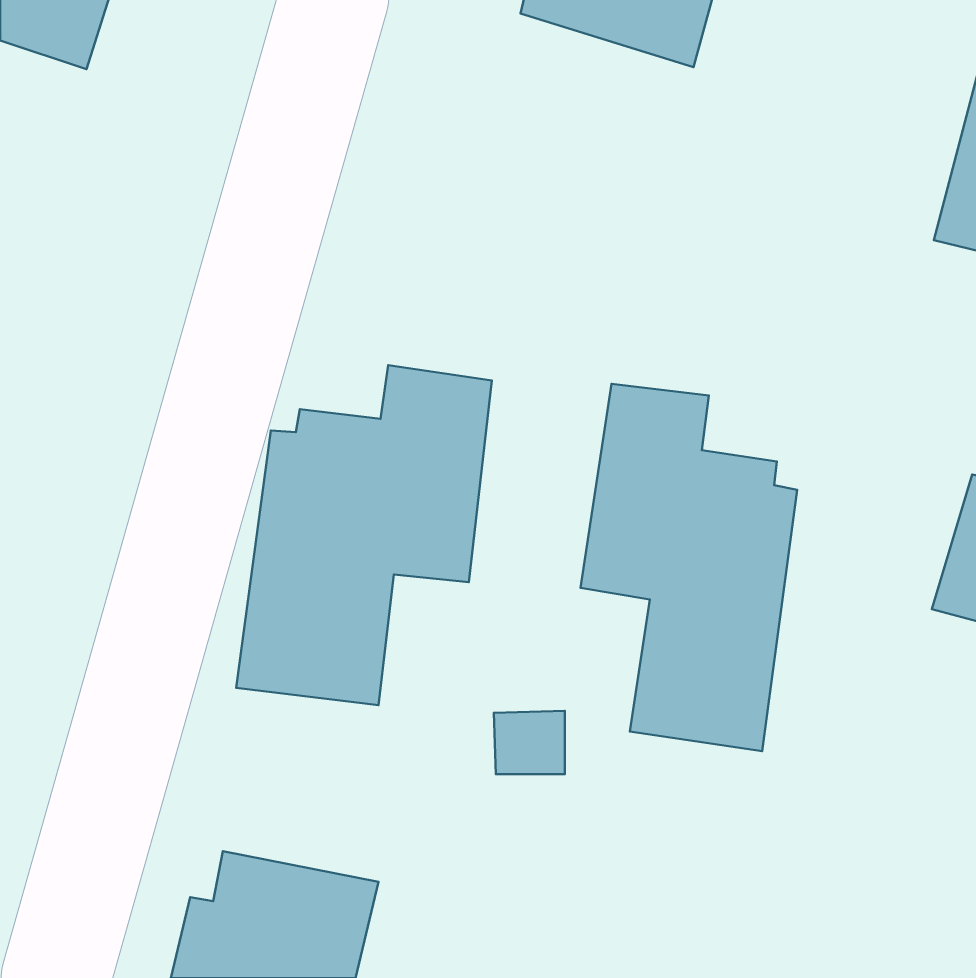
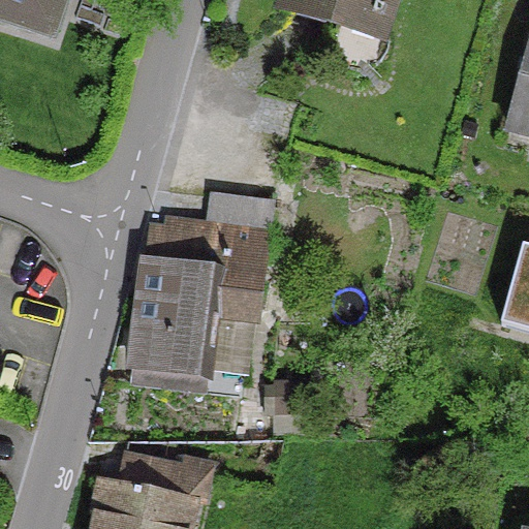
building: [580,384,797,751] -> none

